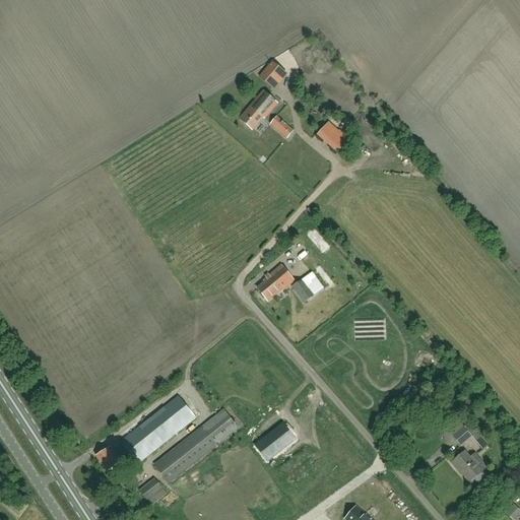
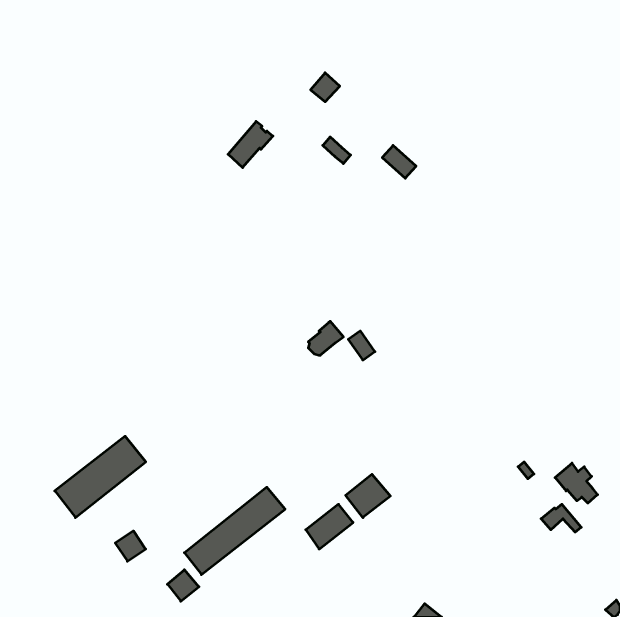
building: [240,90,277,129] -> [228,121,273,168]
building: [120,395,196,463] -> [55,436,146,518]
building: none -> [346,474,390,518]
building: [451,449,486,482] -> [555,463,598,503]

